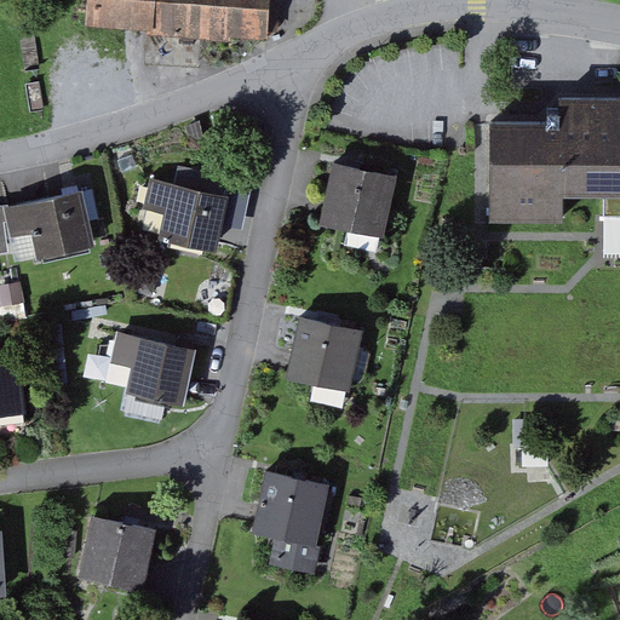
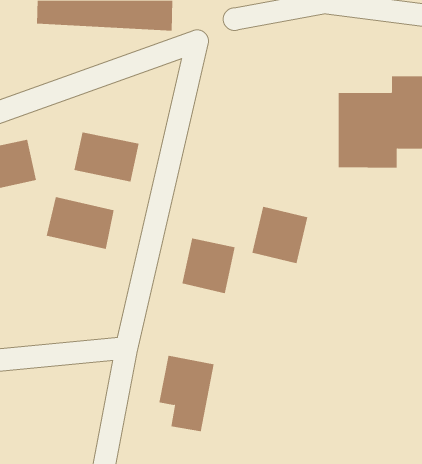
building: [322,160,397,236] -> [252,206,308,264]
building: [107,333,197,403] -> [46,197,115,250]
building: [81,521,157,598] -> none

